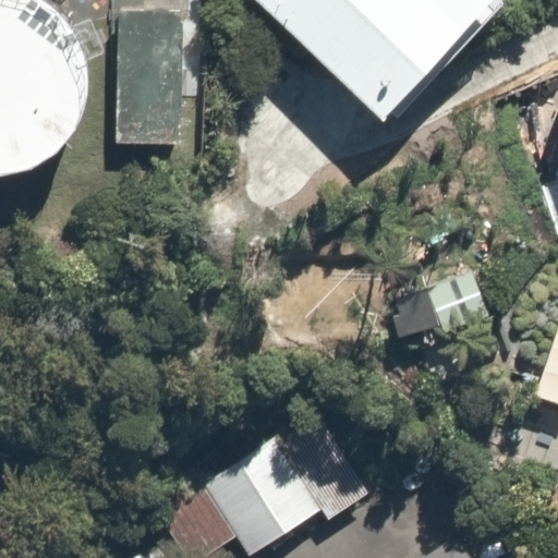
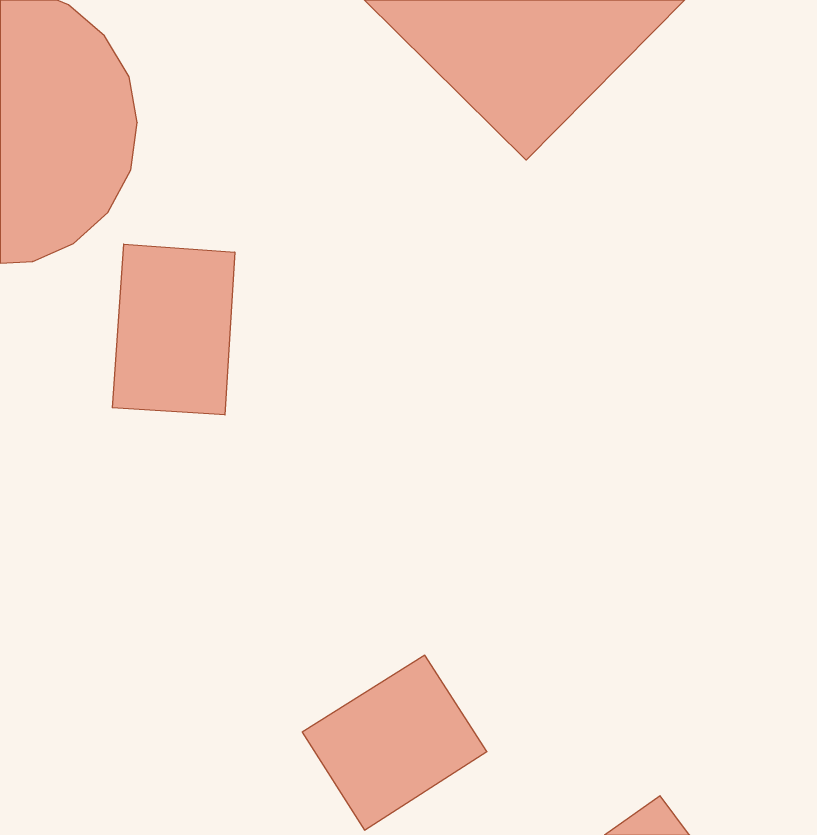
building: [108,5,179,137] -> none
building: none -> [112,244,235,415]

